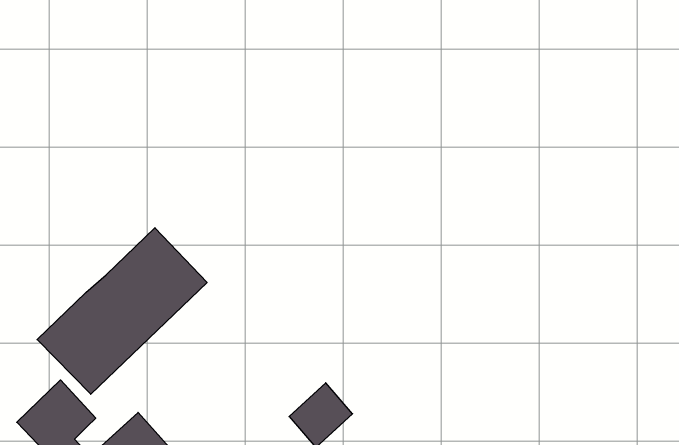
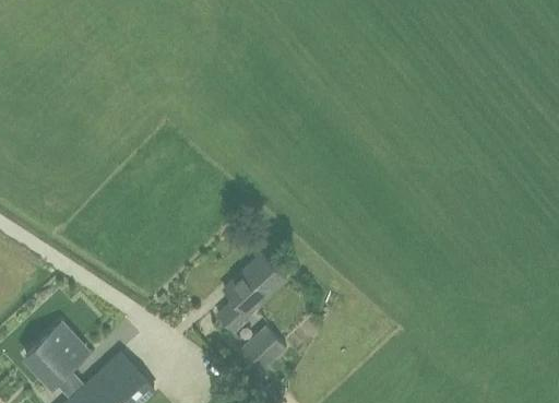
building: [37,228,207,394] -> none
building: none -> [215,254,284,333]

